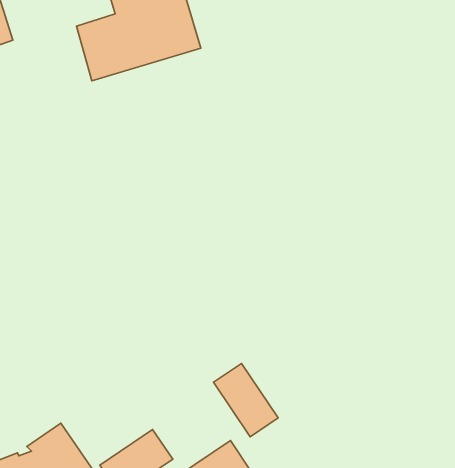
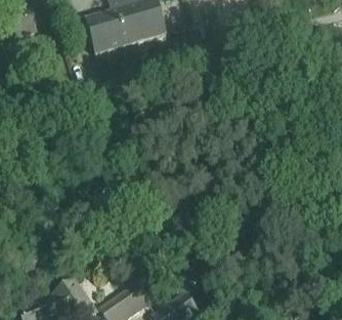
building: [213,364,278,437] -> none

